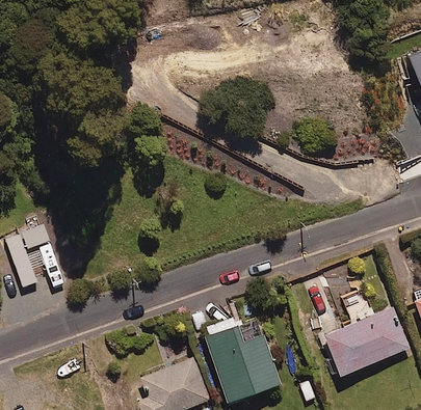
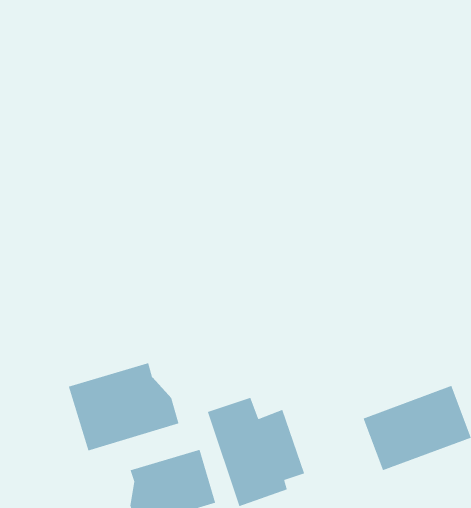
building: none -> [68,362,180,451]

